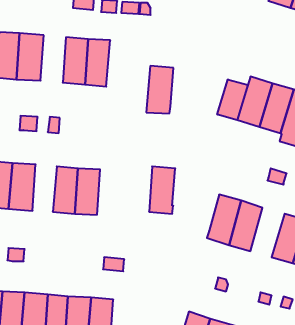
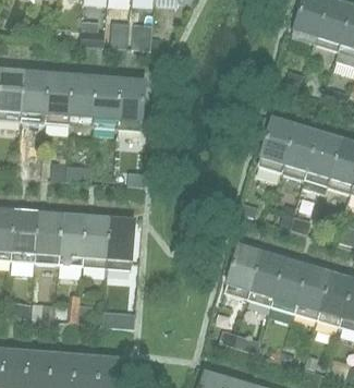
building: none -> [45,71,72,122]
building: [146,66,173,113] -> [115,76,145,128]
building: [217,79,248,120] -> none
building: none -> [36,210,62,262]
building: [149,166,175,214] -> [106,216,134,267]
building: none -> [271,257,308,311]

